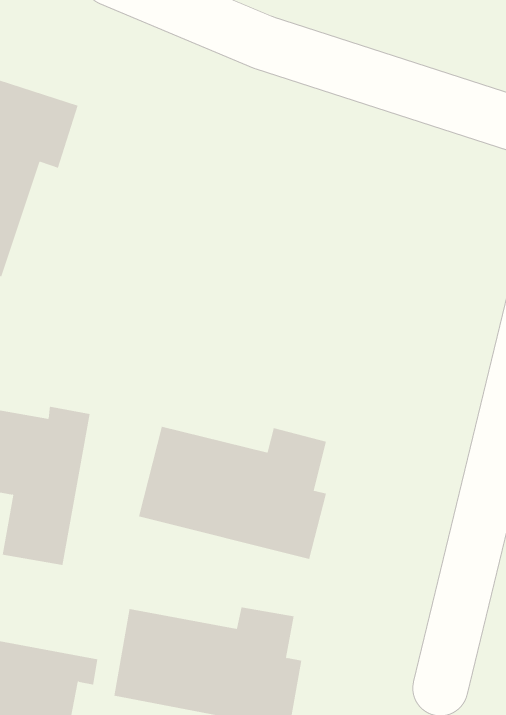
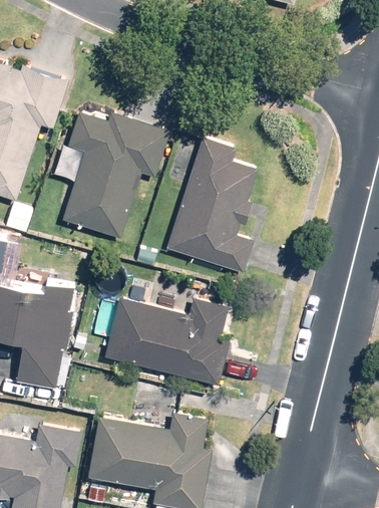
building: none -> [62,113,168,238]
building: none -> [166,137,257,272]

